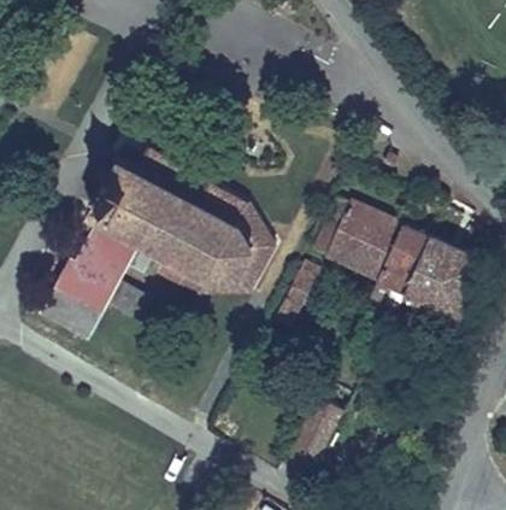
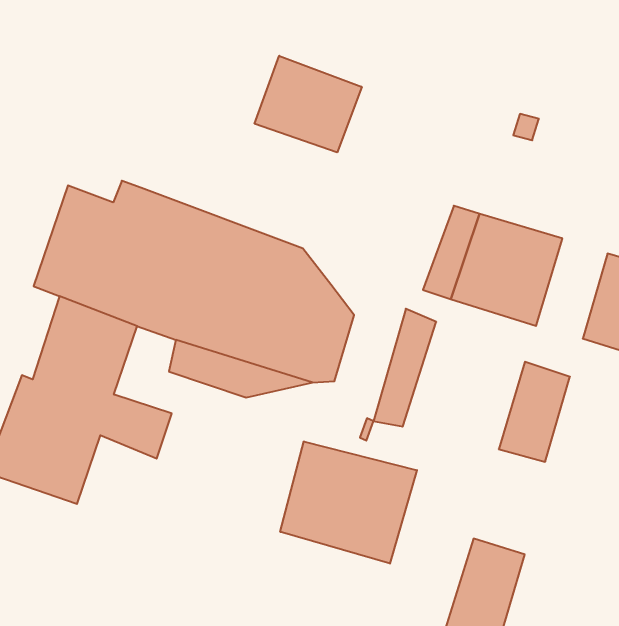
building: none -> [255,56,362,152]
building: [377,230,426,292] -> [499,362,570,462]
building: none -> [280,441,417,564]

